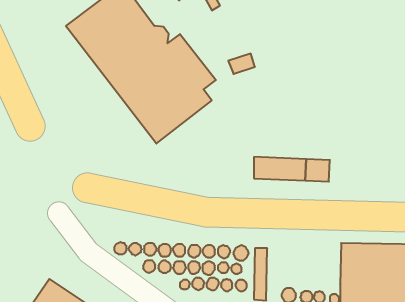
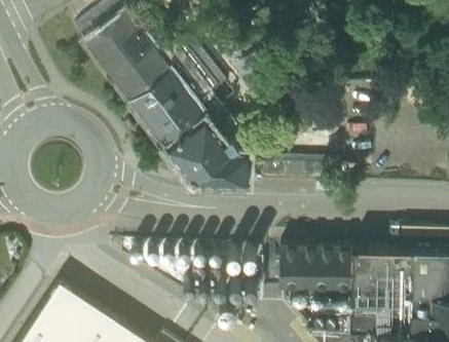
building: none -> [164,104,248,190]
building: none -> [277,244,349,288]

